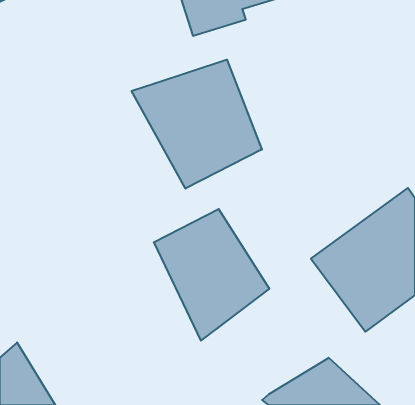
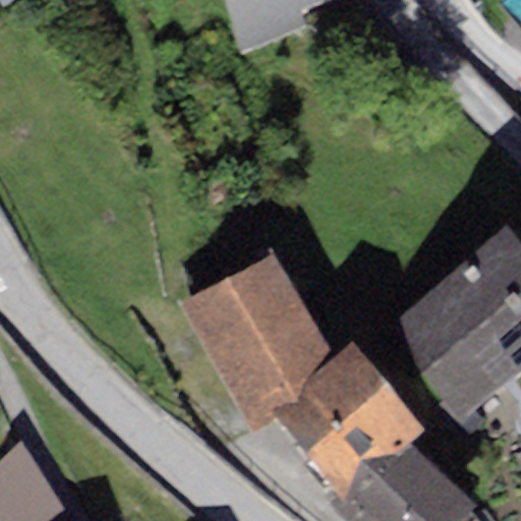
building: [132,60,262,189] -> none
building: none -> [272,349,424,494]

